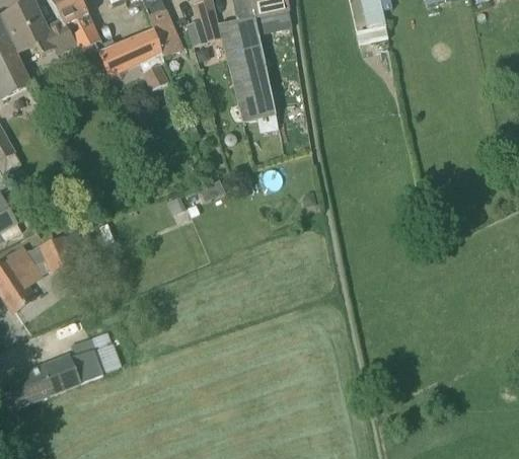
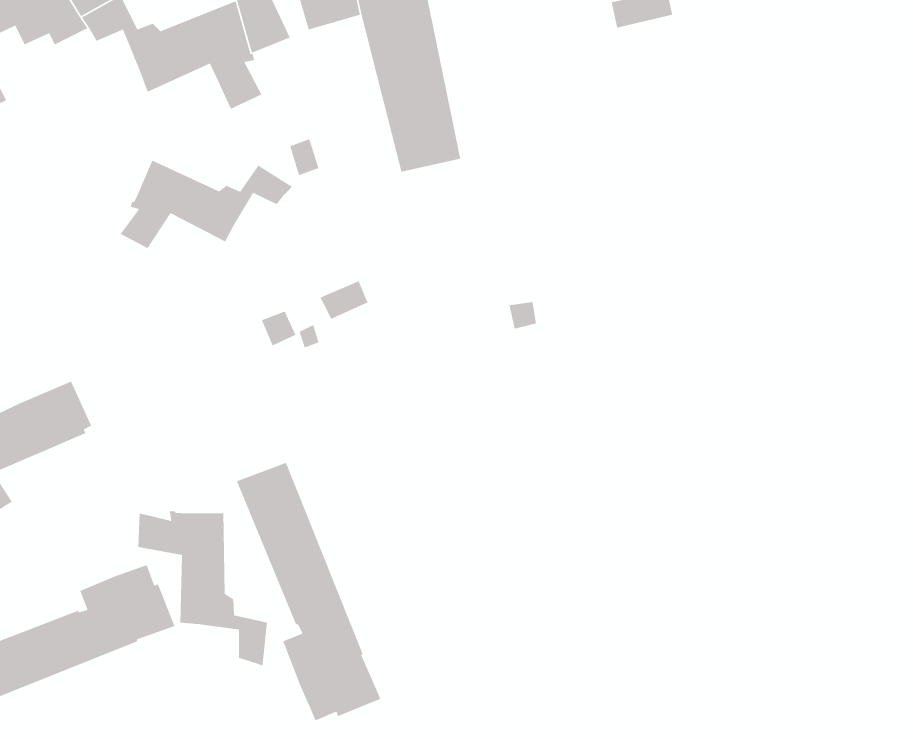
building: none -> [120,159,293,249]
building: none -> [236,462,382,722]
building: none -> [138,510,268,667]

